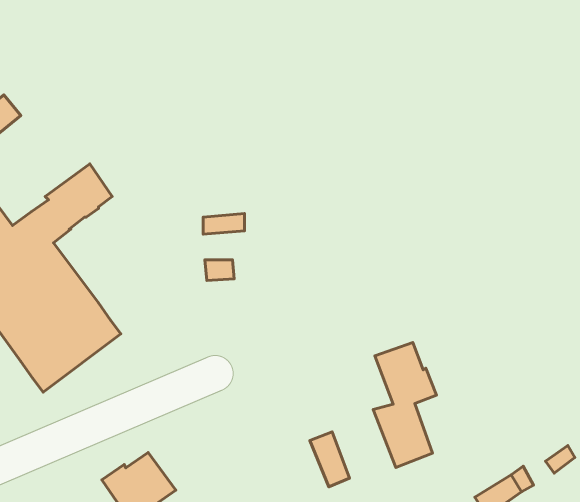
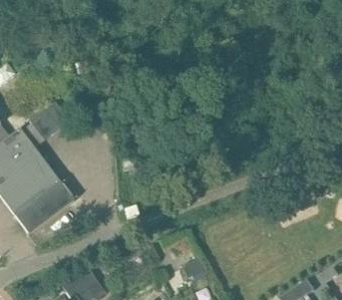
building: [373,343,436,468] -> none

